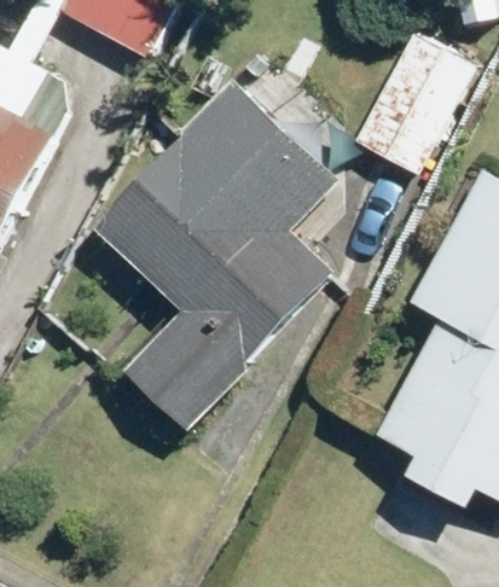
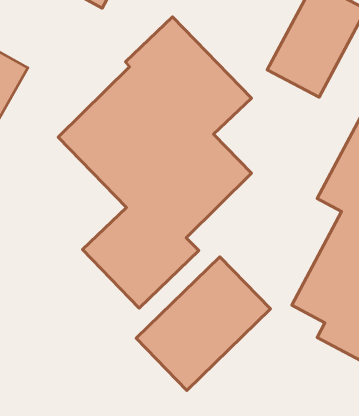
building: none -> [136,257,270,390]

